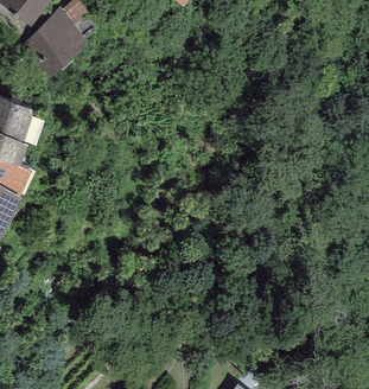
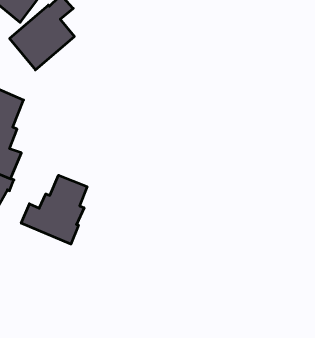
building: none -> [21,175,87,244]

